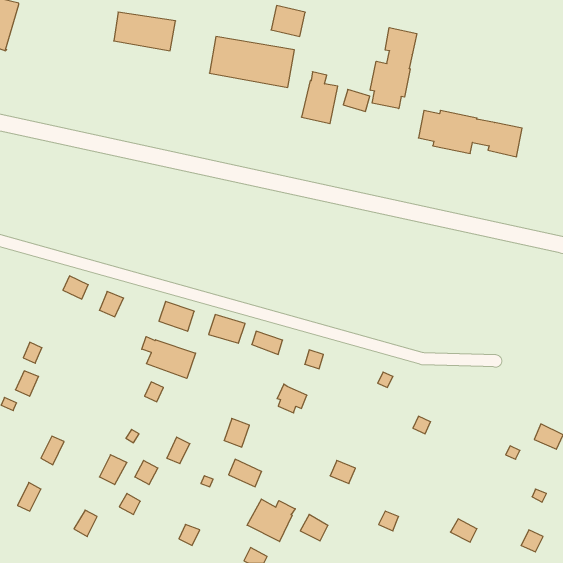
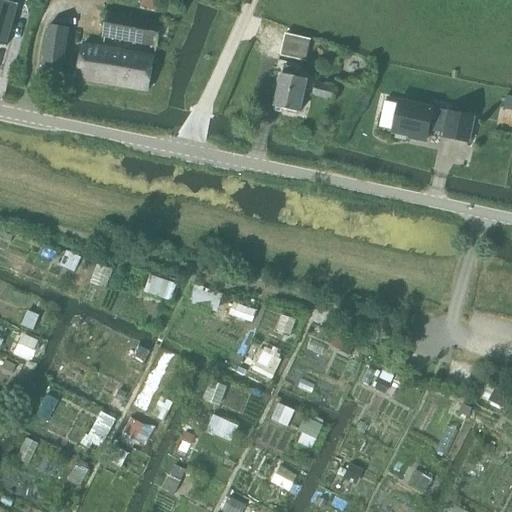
building: [271,6,305,36] -> [279,33,310,61]
building: none -> [41,23,69,75]
building: [370,28,417,109] -> none
building: [209,37,294,87] -> [76,44,153,90]
building: [142,337,196,378] -> none
building: [247,499,295,542] -> none

